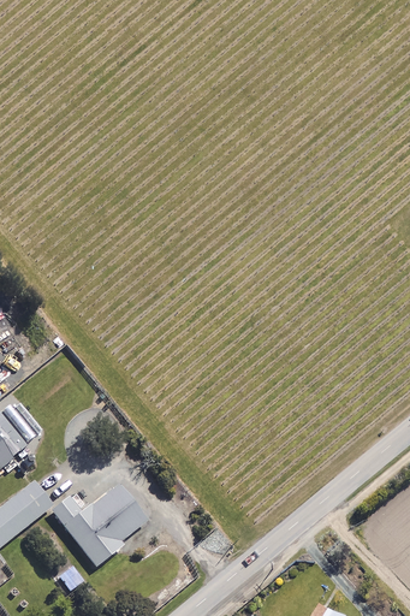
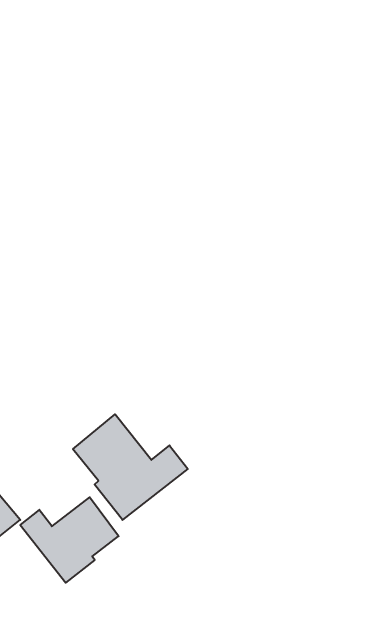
building: none -> [73,414,188,520]

